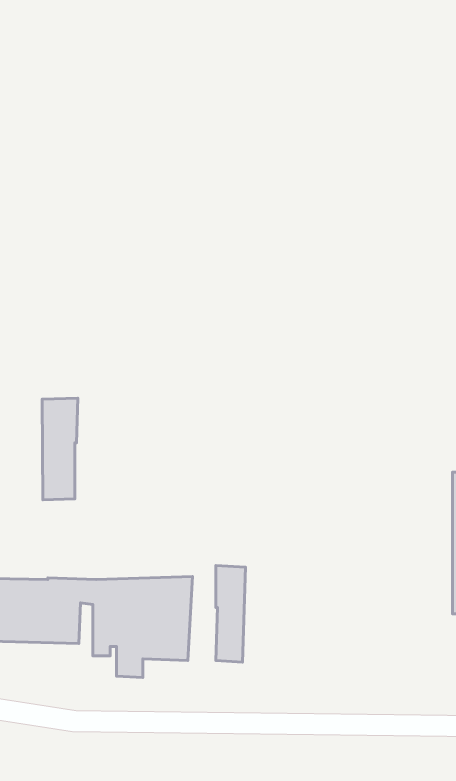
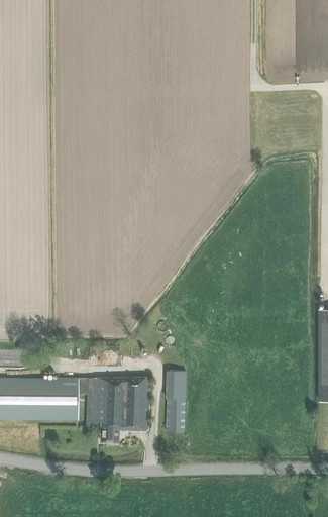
building: [42,398,78,500] -> none

